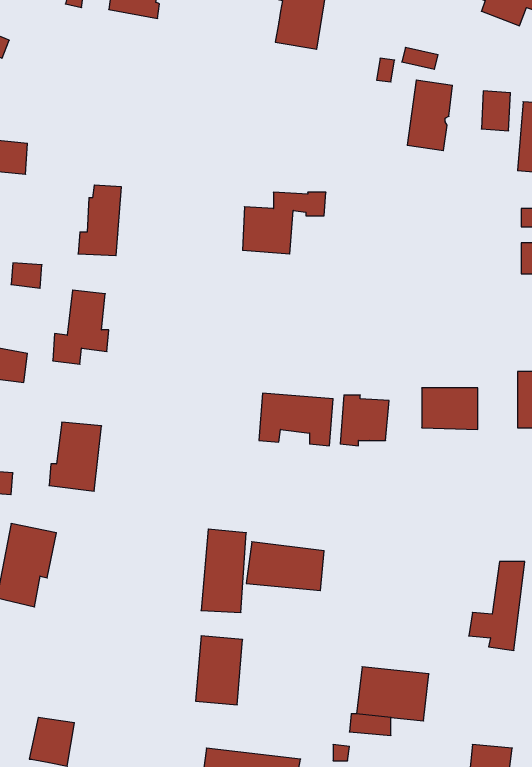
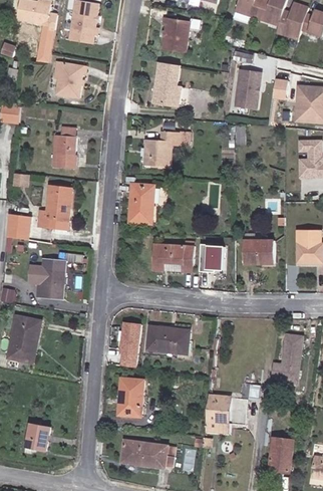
building: none -> [54,62,86,97]
building: none -> [151,62,180,105]
building: none -> [128,184,153,223]

